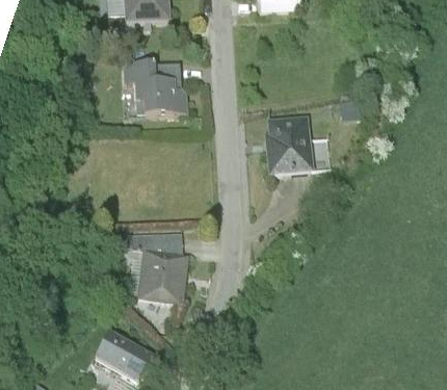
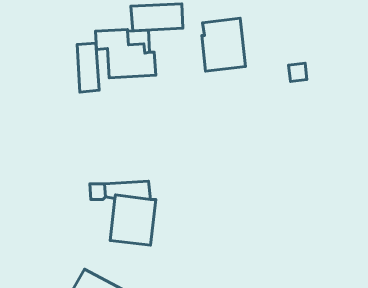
building: none -> [131,4,183,31]
building: none -> [77,43,99,92]
building: [264,114,314,175] -> [202,18,246,71]

